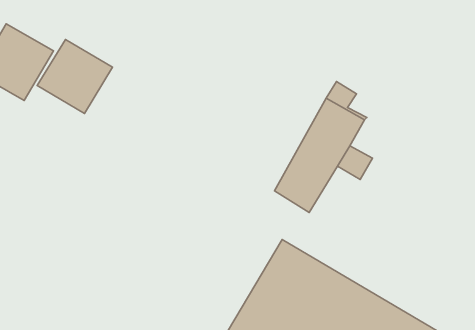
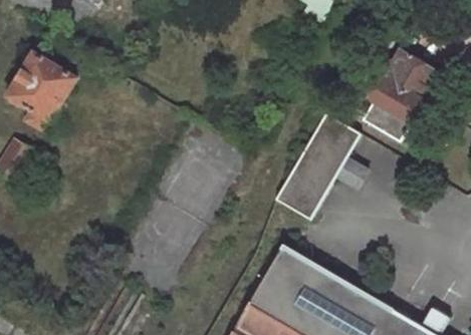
building: none -> [365,51,435,140]
building: [37,39,113,114] -> none

